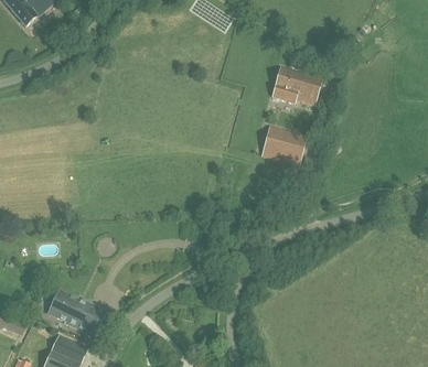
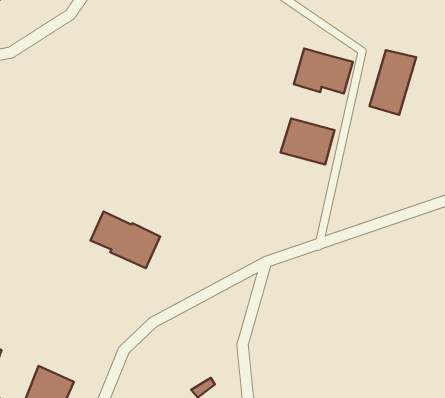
building: none -> [370,50,416,115]
building: [47,289,106,336] -> [90,211,160,268]

